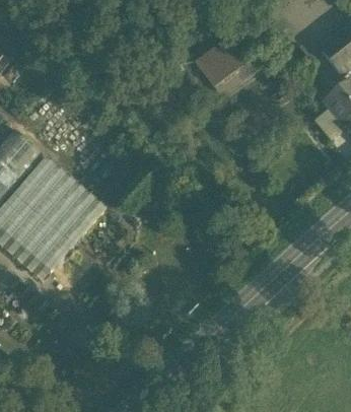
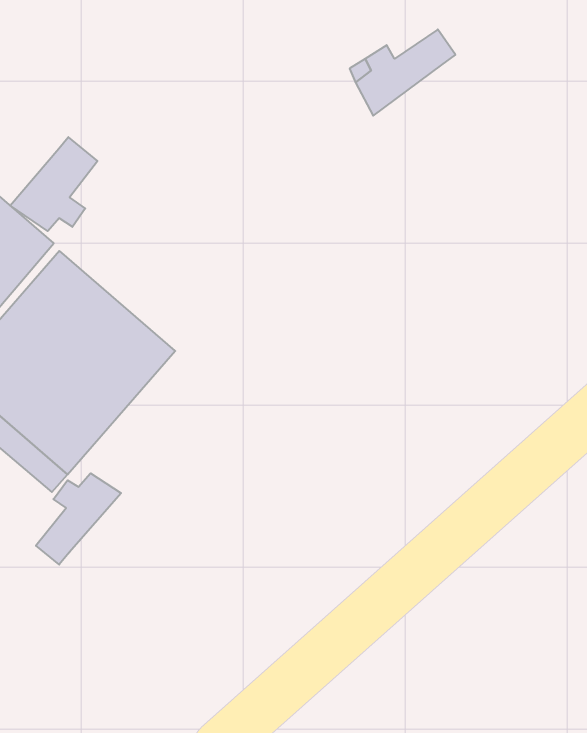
building: none -> [10,137,97,231]
building: none -> [36,473,121,565]

